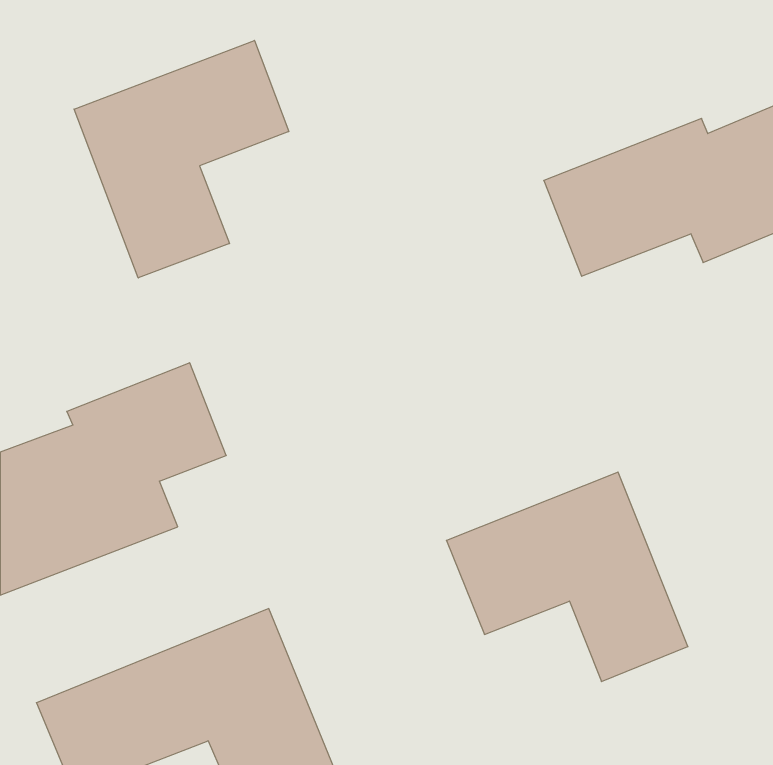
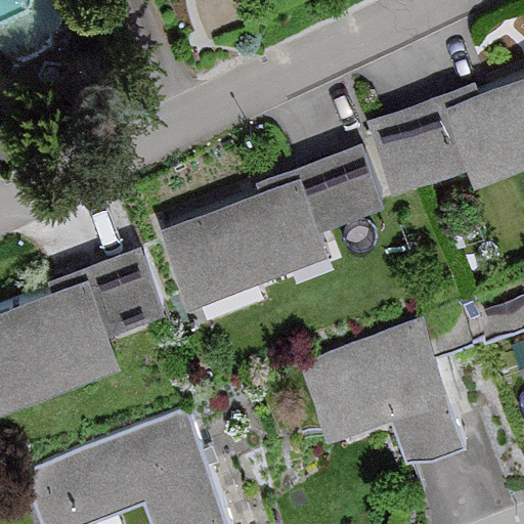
building: [74,40,289,278] -> none
building: none -> [162,149,380,301]

